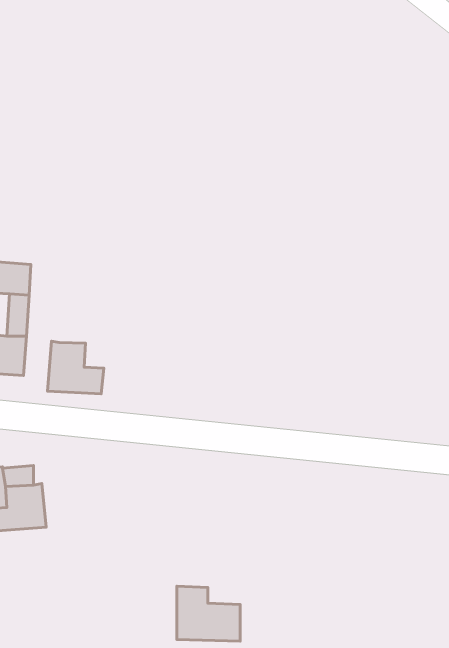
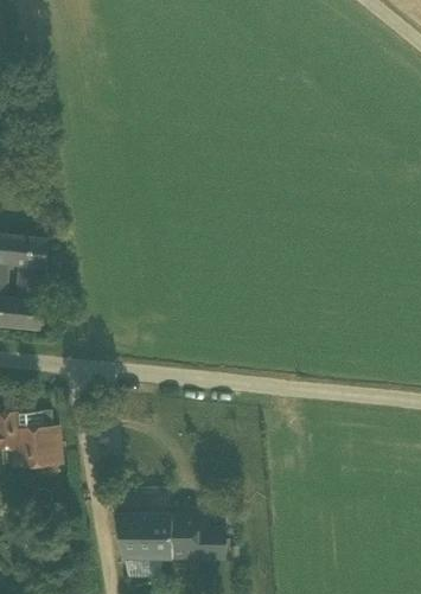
building: [48,341,104,394] -> none
building: none -> [113,515,171,560]

